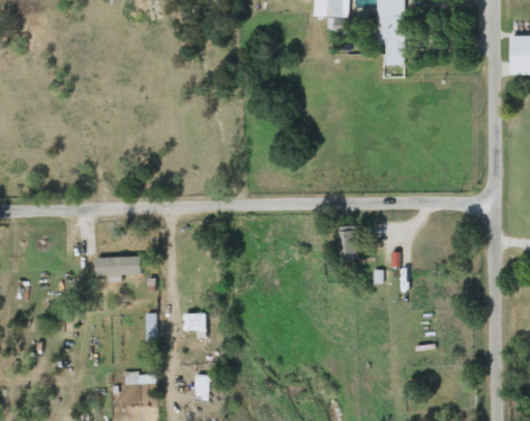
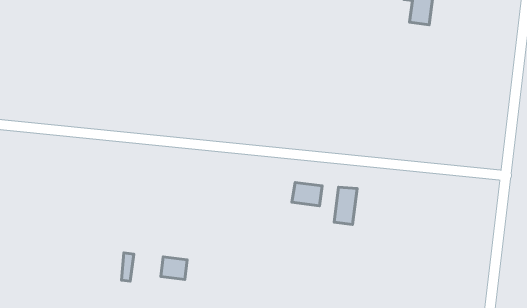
building: none -> [292,182,322,206]
building: [95,258,141,275] -> none

